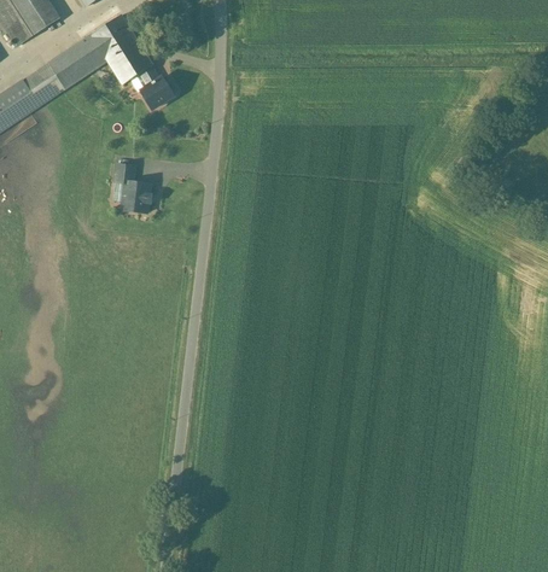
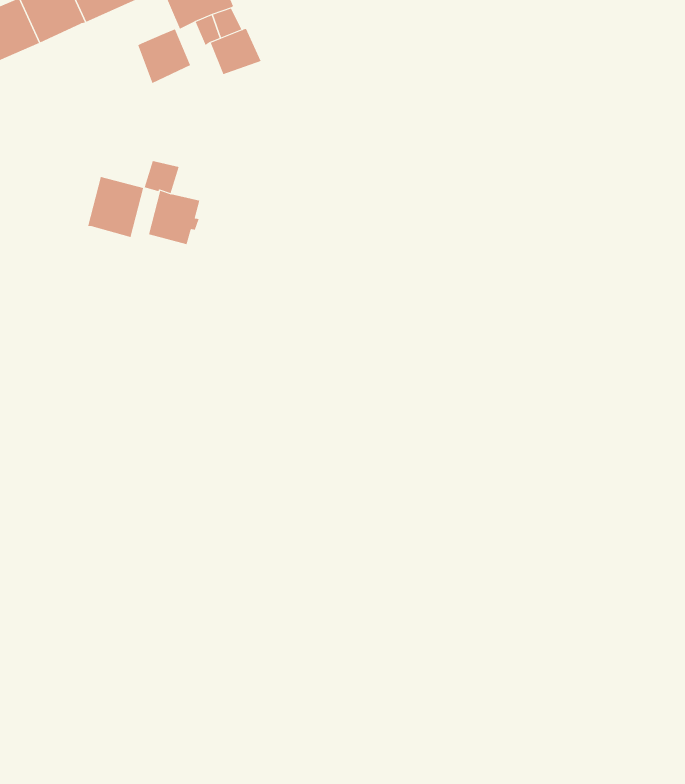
building: none -> [138,28,191,84]
building: none -> [87,176,144,238]

